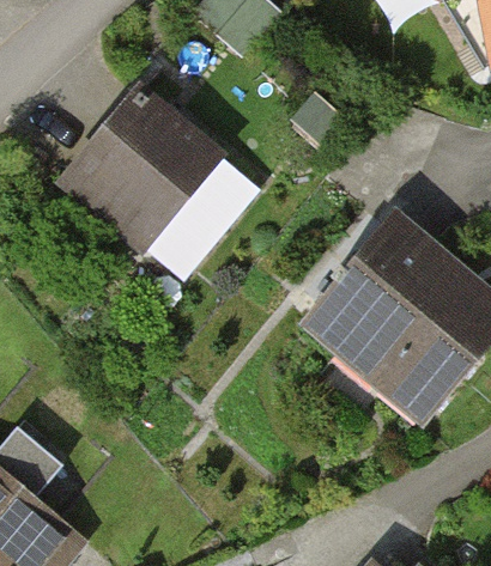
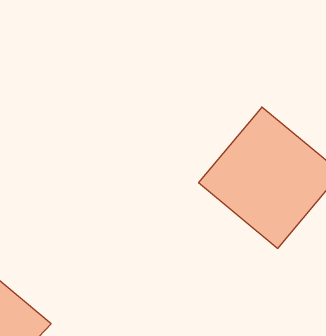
building: [61,87,231,256] -> none

